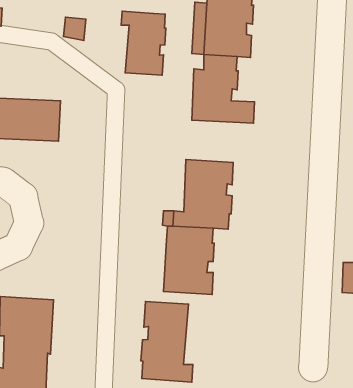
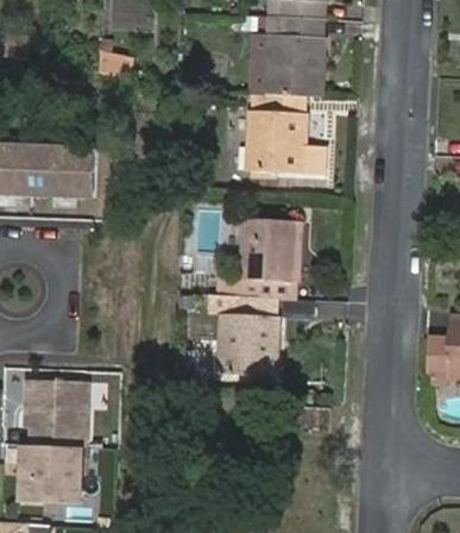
building: [121,11,166,75] -> none
building: [141,301,193,382] -> none

